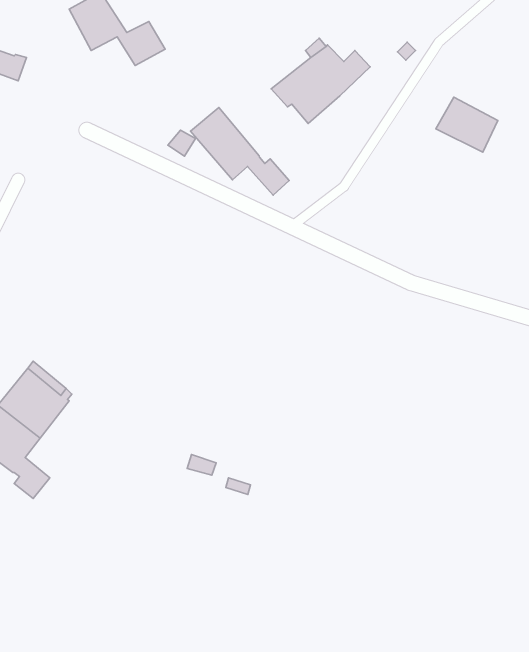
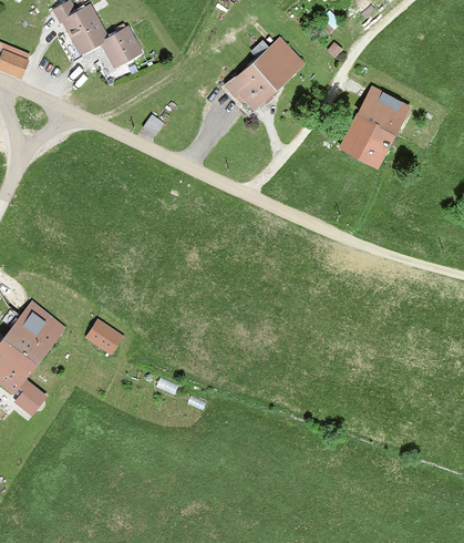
building: [191,108,289,195] -> none
building: none -> [340,115,394,166]
building: none -> [84,322,118,352]

